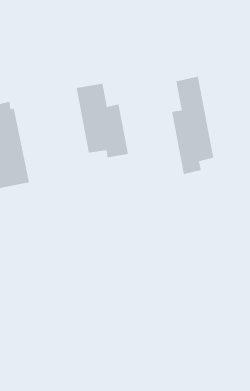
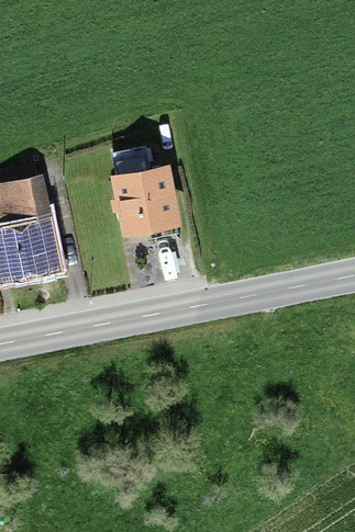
building: [172,76,214,175] -> none

